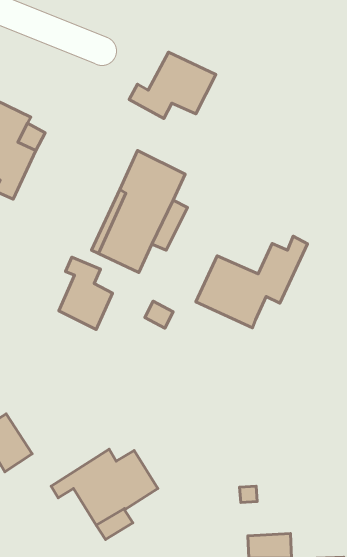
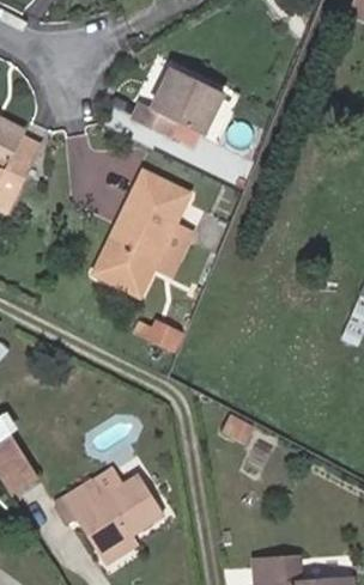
building: [196,236,308,328] -> none
building: [59,257,113,330] -> none

